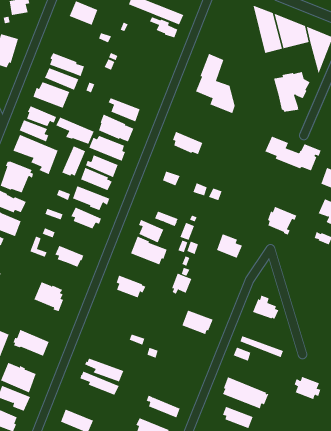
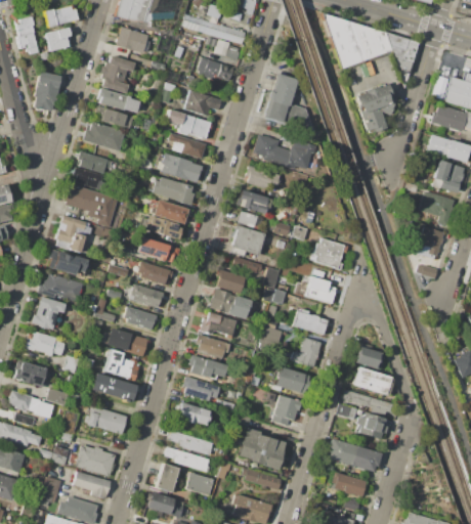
building: none -> [100,55,135,93]
building: none -> [198,57,233,81]
building: none -> [185,90,222,116]
building: [55,117,94,145] -> [167,110,212,138]
building: [265,136,321,171] -> [253,134,317,170]
building: [61,146,86,177] -> none
building: none -> [239,189,268,214]
building: none -> [230,225,265,257]
building: [267,206,297,235] -> [315,237,349,269]
building: none -> [130,283,165,307]
building: none -> [201,312,238,336]
building: none -> [105,328,148,356]
building: none -> [294,311,328,334]
building: none -> [291,337,323,367]
building: none -> [189,354,227,378]
building: none -> [90,373,137,402]
building: none -> [183,376,221,400]
building: none -> [352,366,393,395]
building: none -> [176,401,211,425]
building: none -> [273,395,302,425]
building: none -> [239,428,285,470]
building: [294,376,321,400] -> [356,412,388,438]
building: none -> [157,463,178,491]
building: none -> [186,472,215,495]

